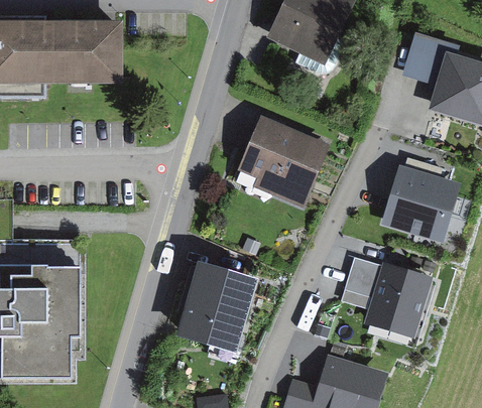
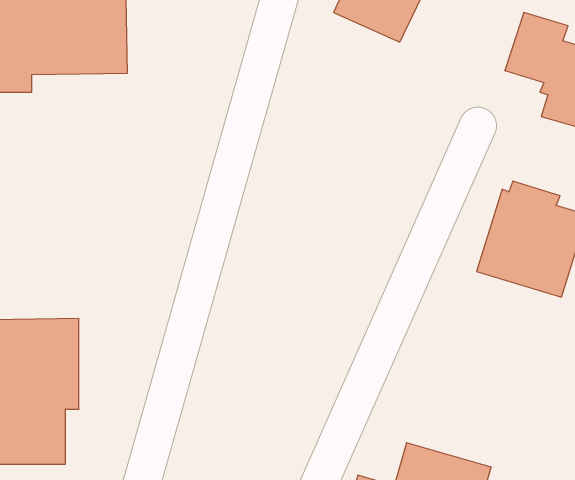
building: [237,116,331,208] -> none
building: [339,257,436,339] -> none
building: [183,263,253,346] -> none

